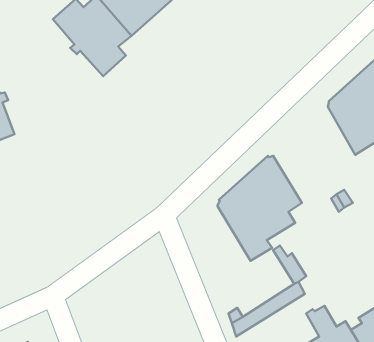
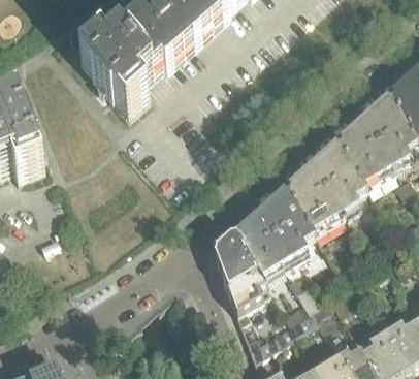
building: none -> [288,139,365,230]
building: none -> [215,233,267,318]

